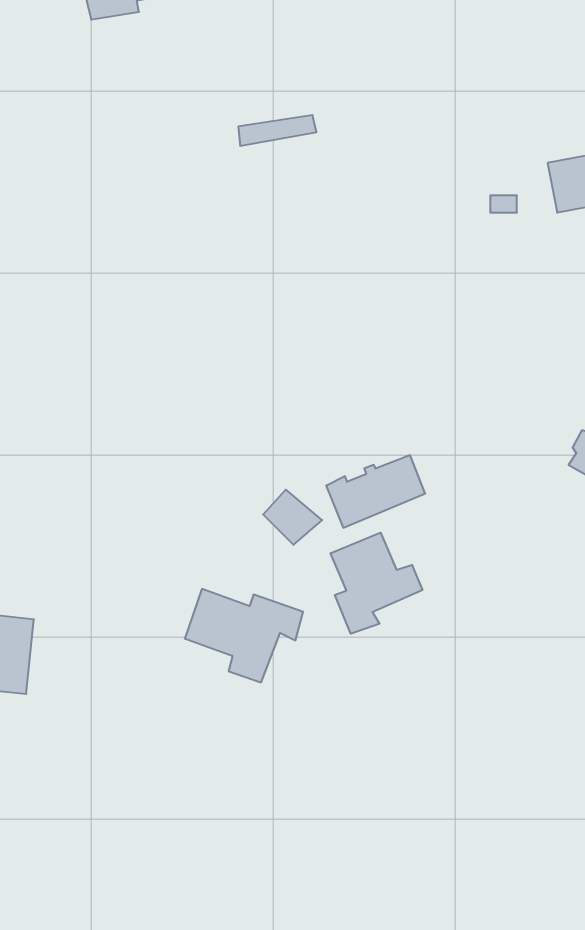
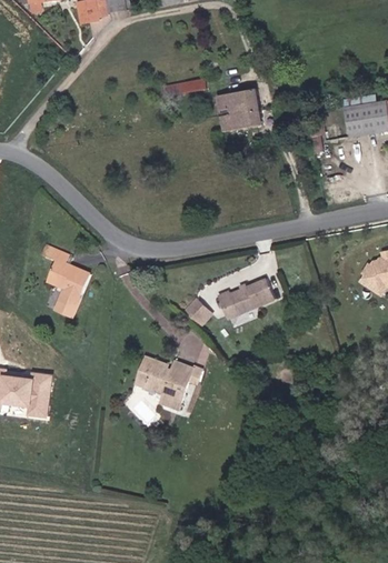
building: none -> [217,90,266,134]
building: none -> [41,247,89,318]
building: [331,533,422,634] -> none

